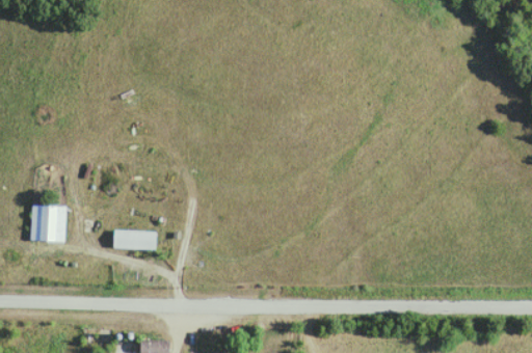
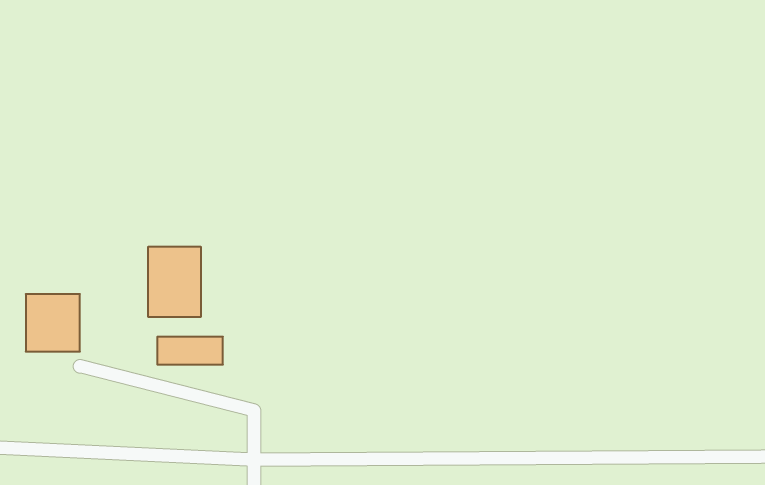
building: none -> [148,247,201,317]

